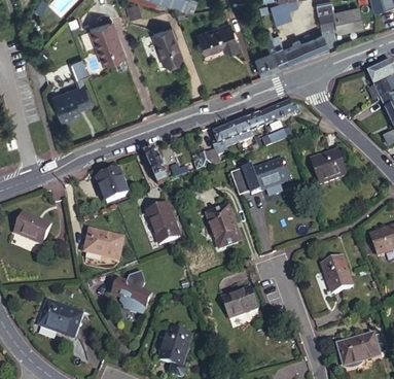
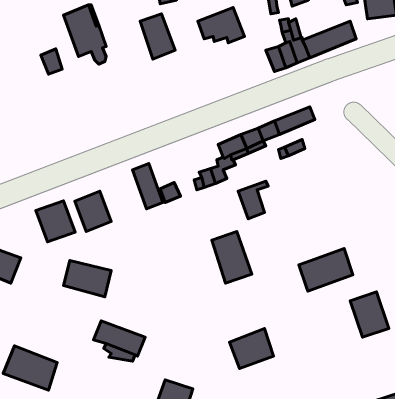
building: [50,82,88,120] -> none
building: [311,149,346,183] -> none
building: [246,158,290,193] -> [299,248,353,291]
building: none -> [36,201,75,242]
building: [146,204,179,243] -> none

